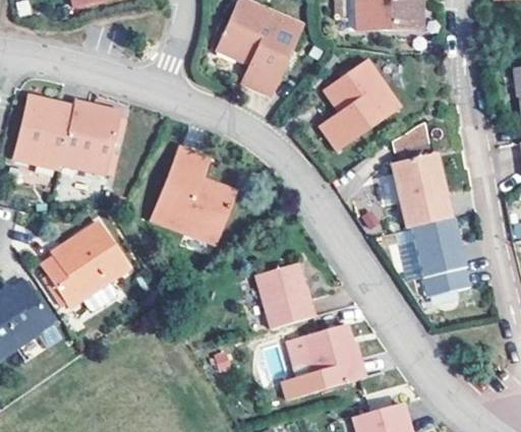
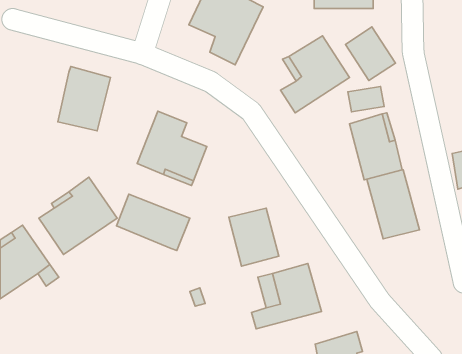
building: none -> [346,27,396,80]
building: [20,97,78,168] -> none
building: none -> [116,194,190,251]

